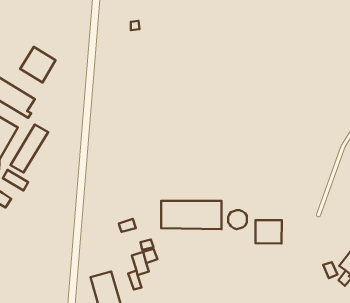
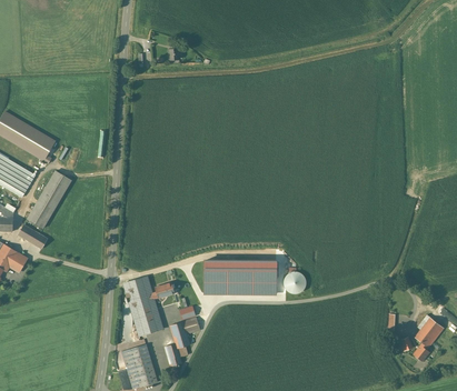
building: [20,47,56,82] -> none
building: none -> [123,275,162,335]
building: [255,220,282,244] -> none

